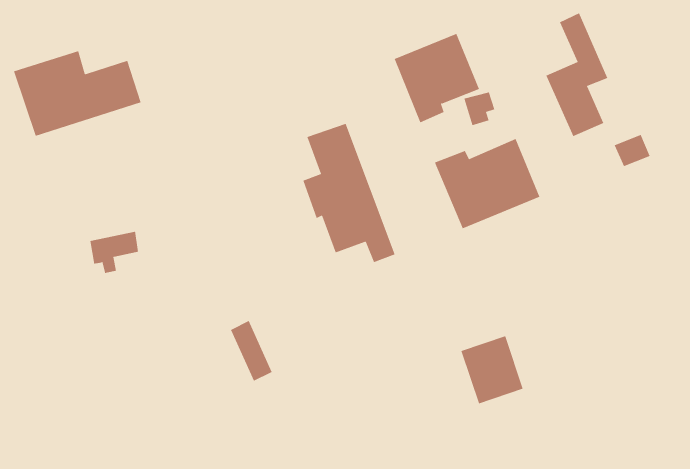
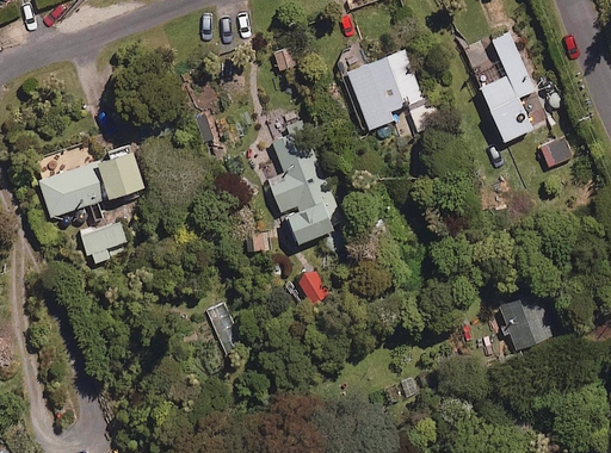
building: [13,51,142,137] -> [31,142,143,217]
building: [434,138,540,229] -> none
building: [461,336,523,404] -> [499,291,554,350]

